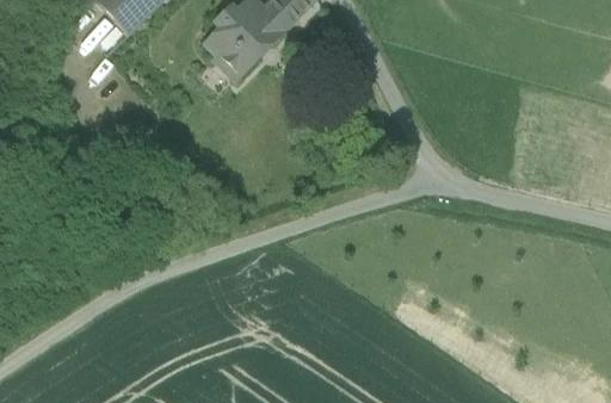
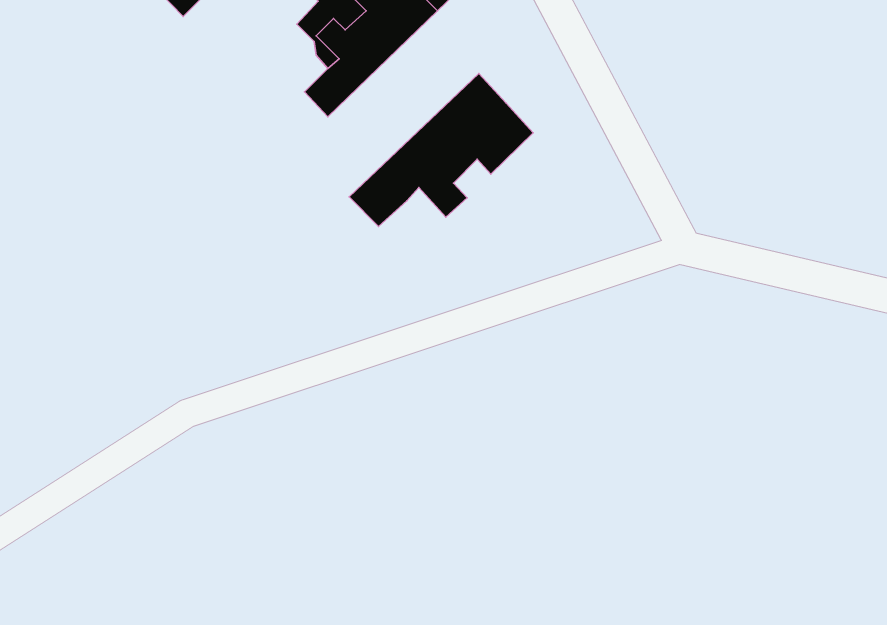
building: none -> [349,74,533,227]

